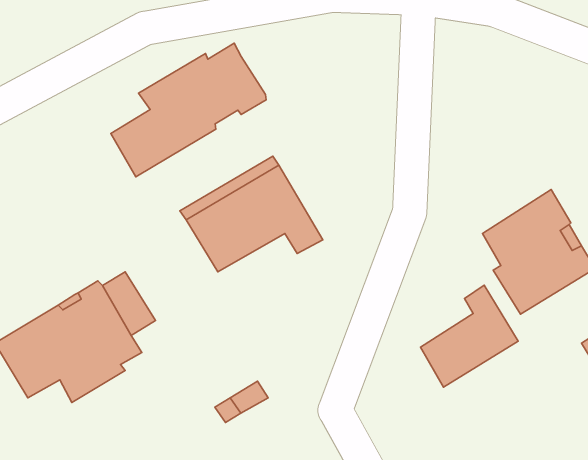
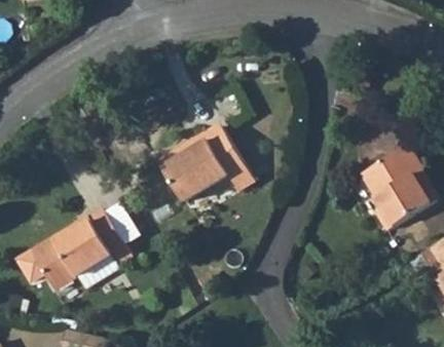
building: [111,43,266,177] -> none
building: [420,285,518,387] -> none

